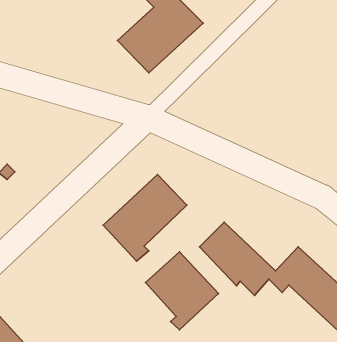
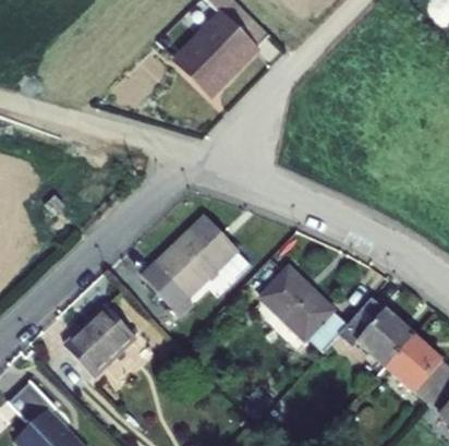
building: [146,252,218,330] -> none
building: none -> [73,309,144,378]

